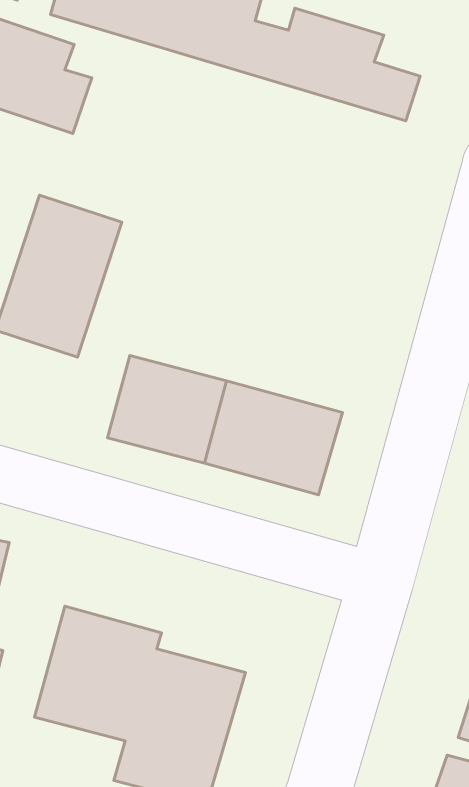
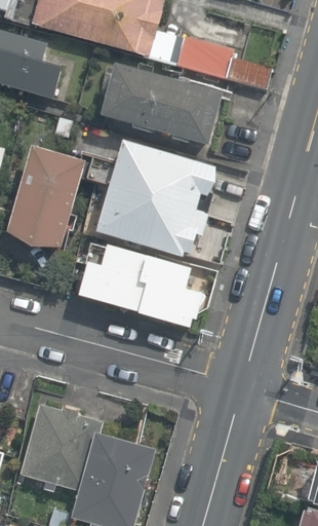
building: none -> [88,61,233,155]
building: none -> [88,135,223,258]

